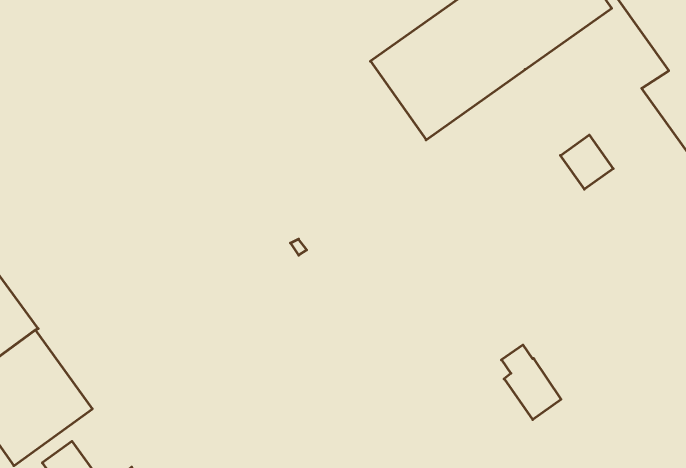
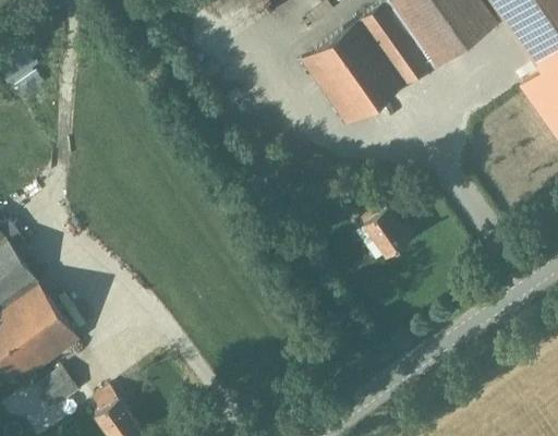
building: [560,135,613,189] -> none
building: [501,345,561,420] -> [362,199,410,259]

